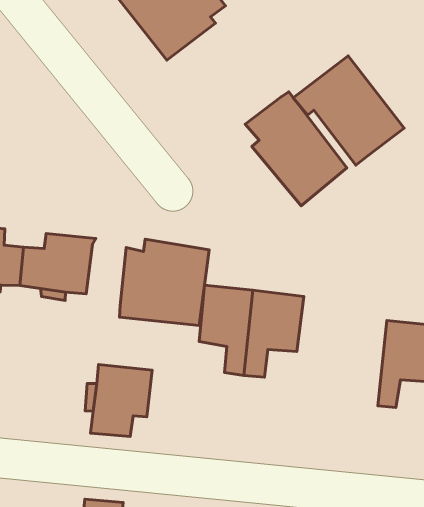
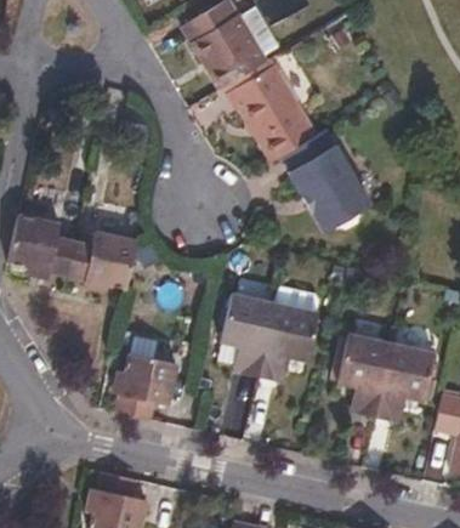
building: [293,56,404,165] -> [225,62,320,160]
building: [119,239,209,325] -> none
building: none -> [335,334,391,419]

